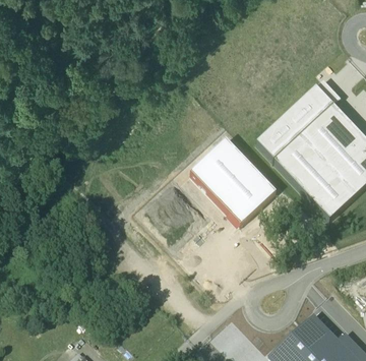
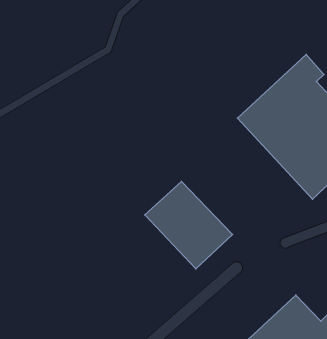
building: [189,139,274,225] -> [145,181,232,269]

